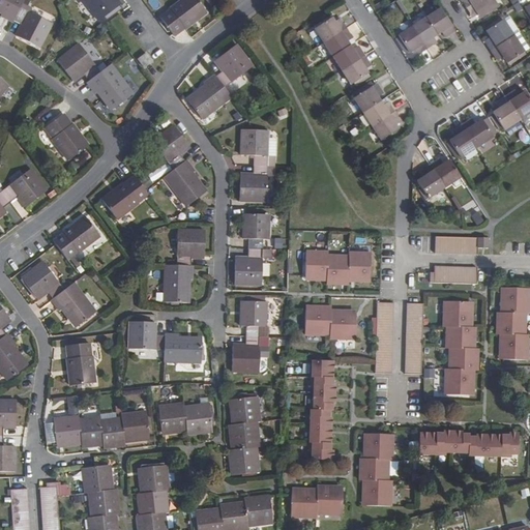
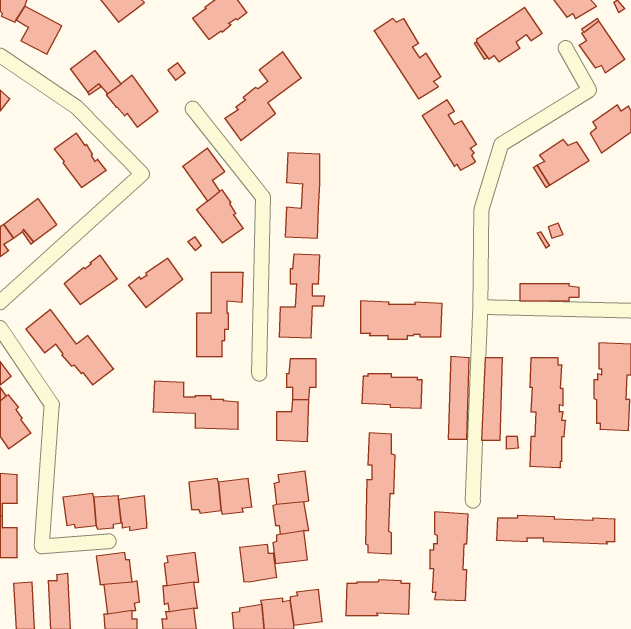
building: [416,157,460,196] -> none
building: [101,175,147,216] -> [128,258,183,308]
building: [433,267,474,282] -> none
building: [67,342,94,383] -> none
building: [120,410,148,439] -> none
building: none -> [240,544,276,582]

